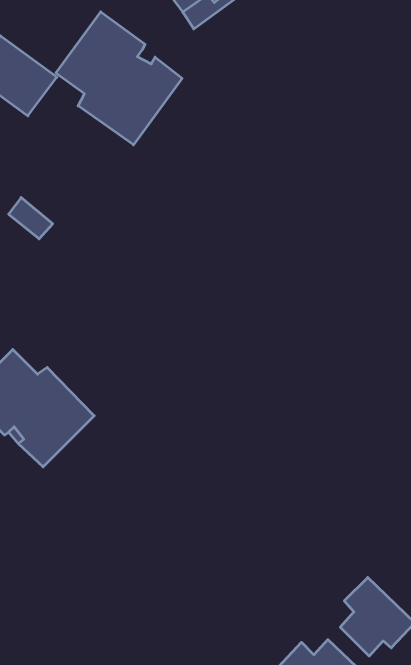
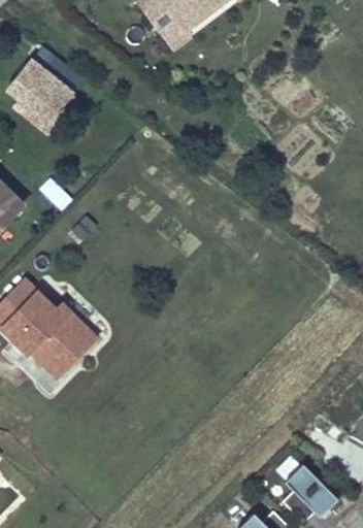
building: [56,12,182,145] -> none

